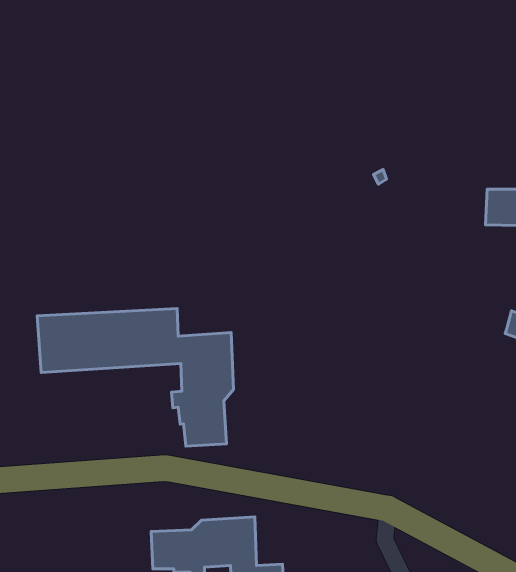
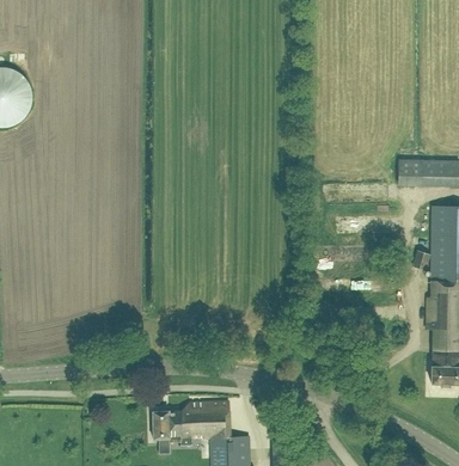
building: [37,309,233,446] -> none

